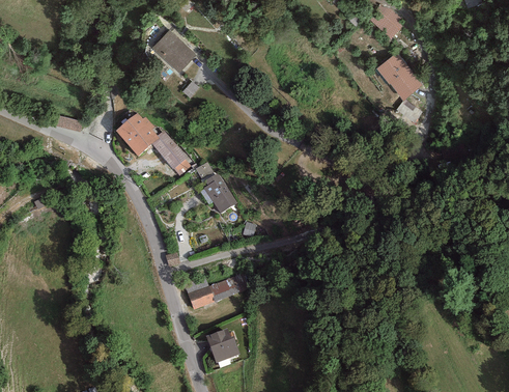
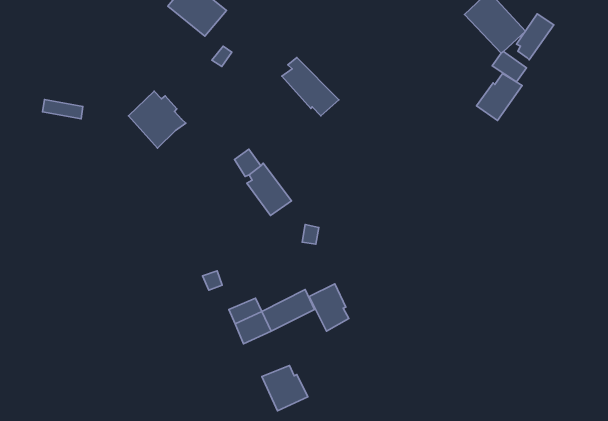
building: none -> [516,14,554,60]
building: none -> [477,74,522,121]
building: [151,130,194,175] -> [282,58,339,116]
building: none -> [309,284,349,331]

